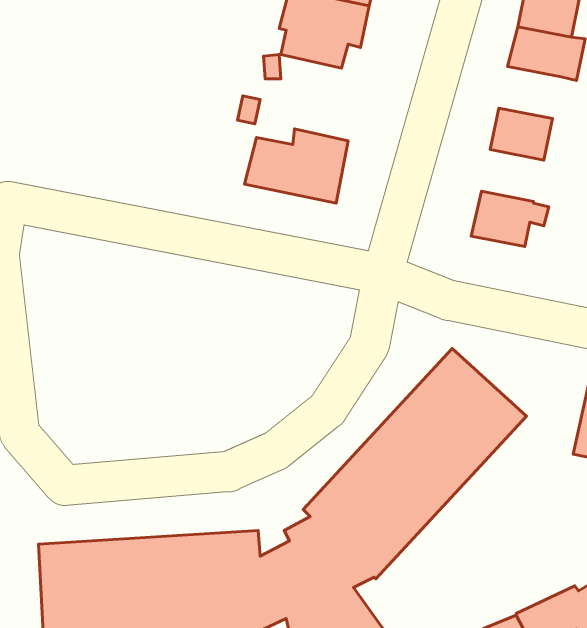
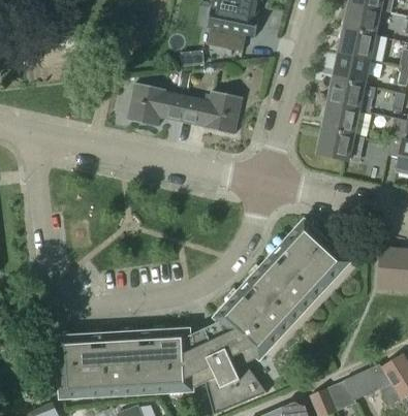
building: none -> [333,54,370,85]
building: none -> [128,86,188,127]
building: none -> [322,103,359,134]

